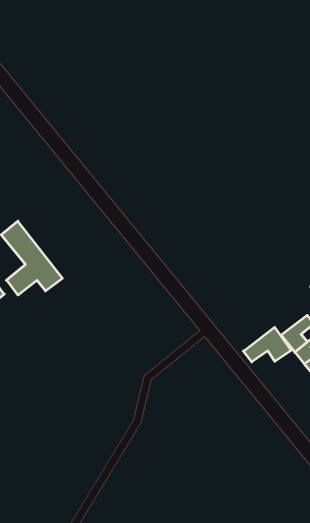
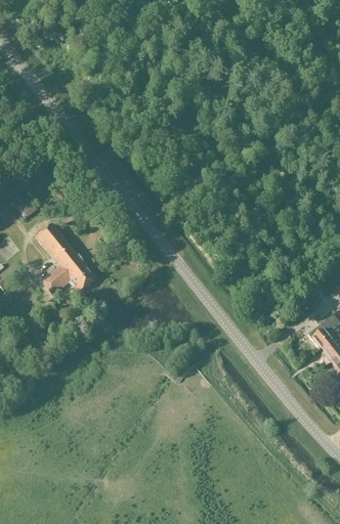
building: [243,327,291,362] -> none

